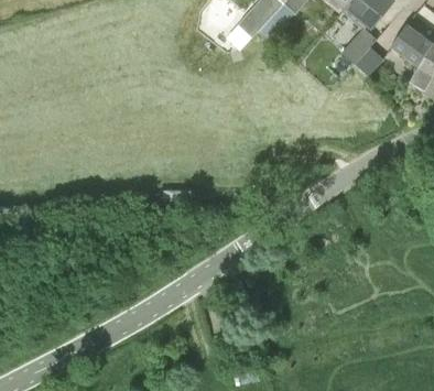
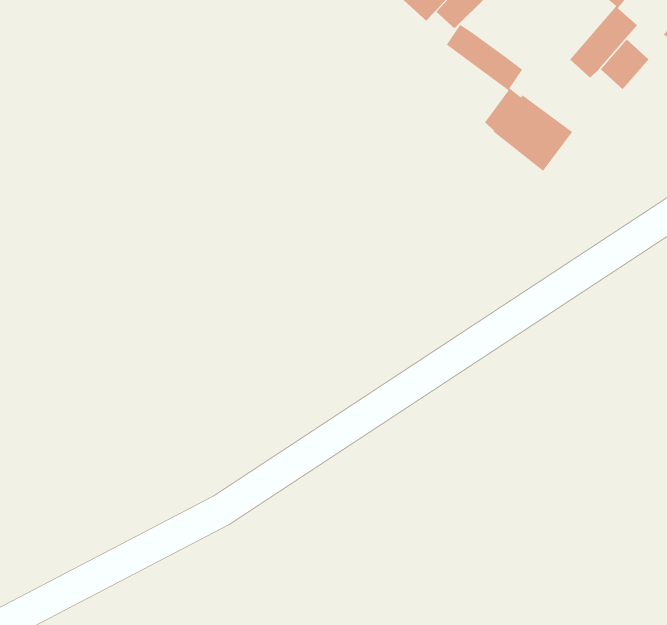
building: none -> [446,24,573,172]

